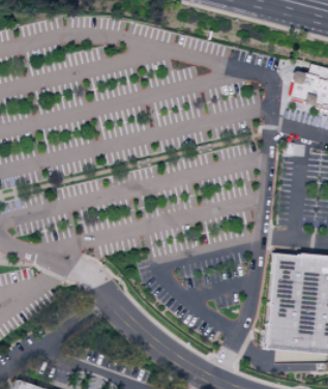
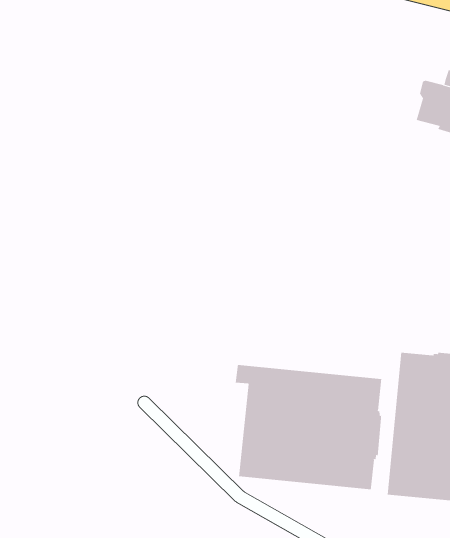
building: none -> [235,364,382,490]

